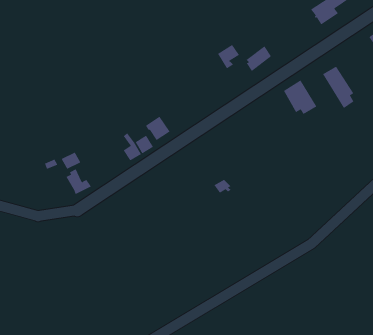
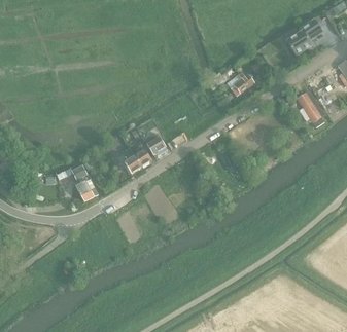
building: [283,79,317,115] -> none

